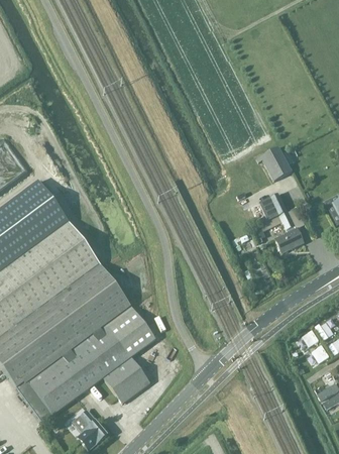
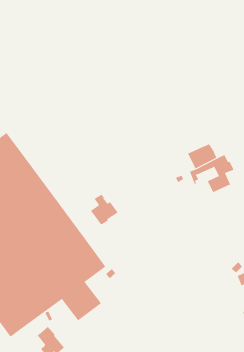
building: [256,145,292,180] -> none
building: none -> [90,194,118,226]

